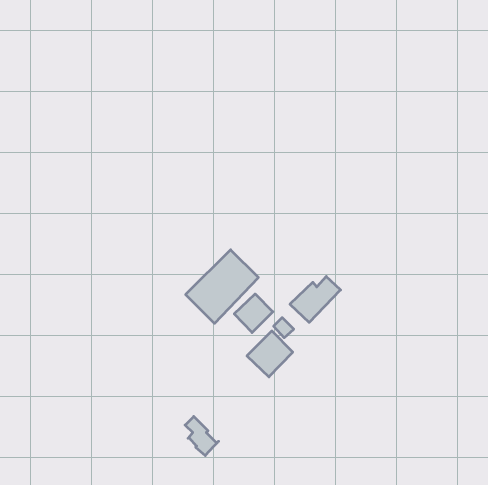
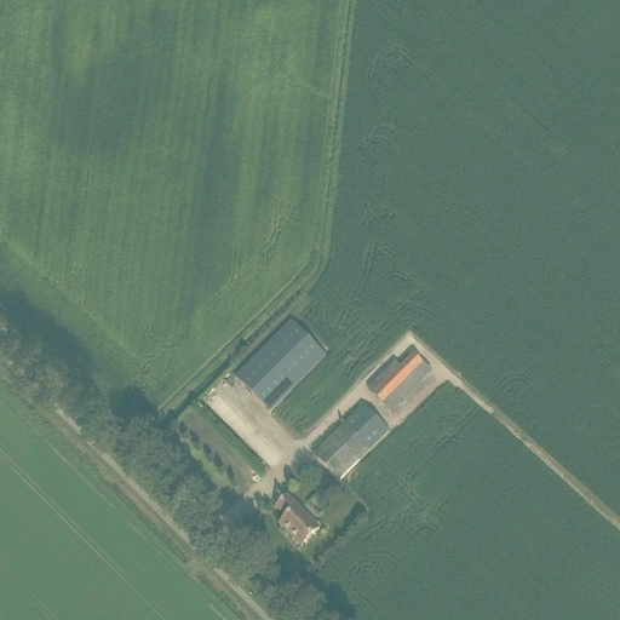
building: [234,294,273,333] -> none
building: [185,416,219,456] -> [277,493,320,542]

